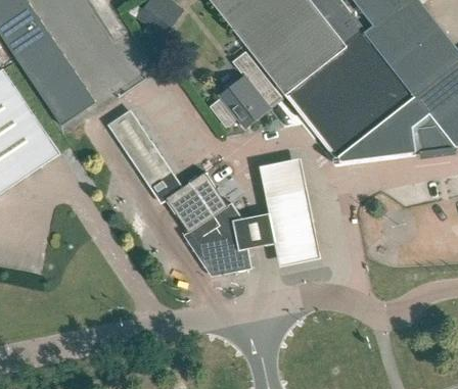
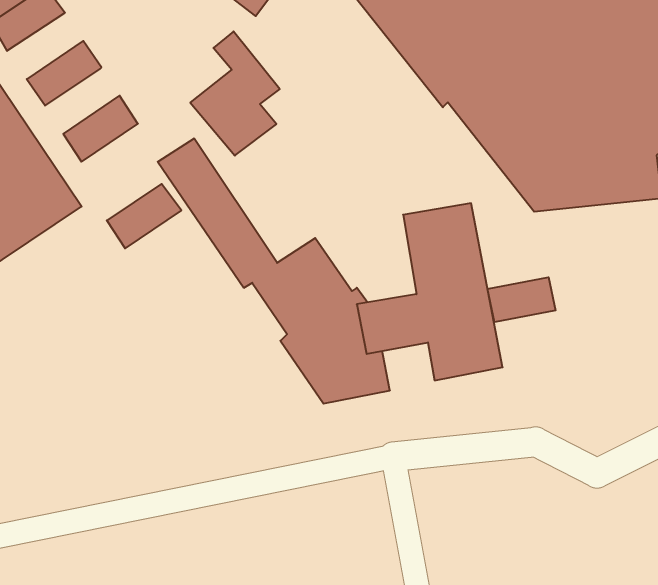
building: [15,35,61,76] -> none
building: [218,53,273,130] -> [190,31,280,156]
building: [38,69,84,109] -> [107,184,181,248]
building: none -> [488,277,556,322]

